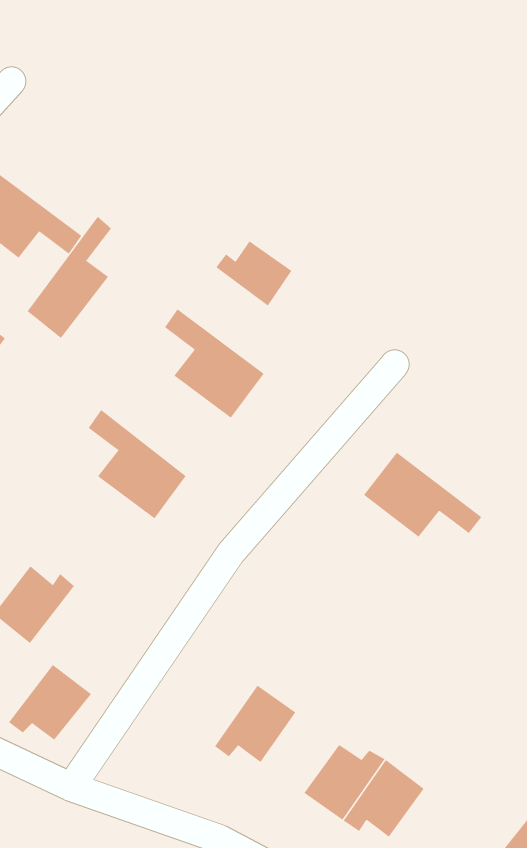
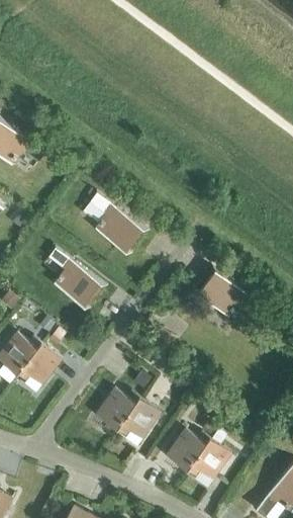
building: [27,216,112,339] -> none
building: [215,240,292,307] -> none
building: [8,664,92,741] -> [17,343,63,384]
building: none -> [96,387,140,430]

